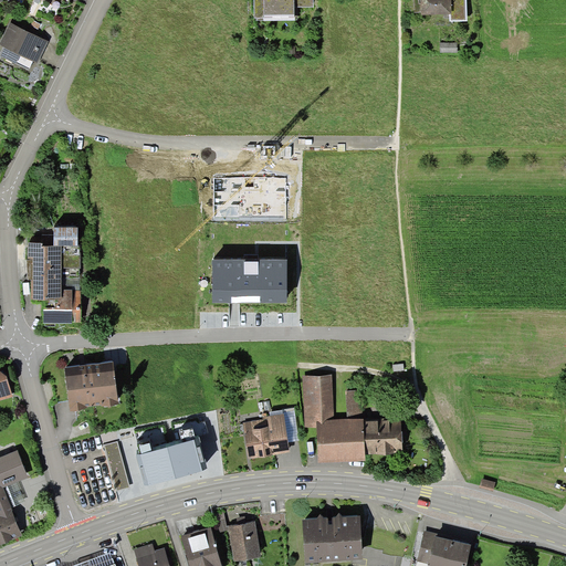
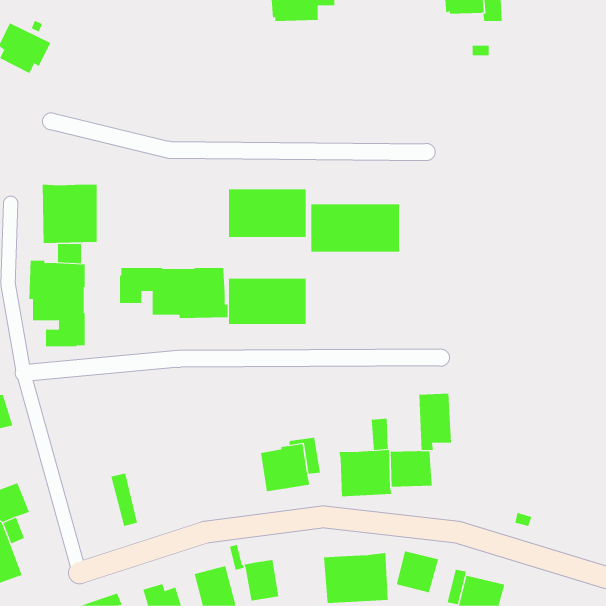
building: none -> [42,184,97,244]
building: none -> [311,204,399,252]
building: none -> [119,267,228,319]
building: [63,360,117,410] -> none
building: [302,374,333,427] -> [418,393,452,450]
building: [135,436,207,485] -> none
building: none -> [396,550,439,593]

